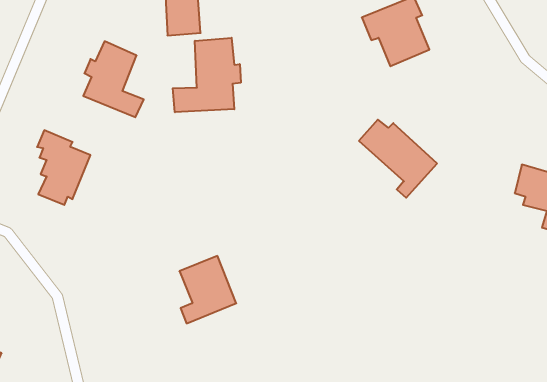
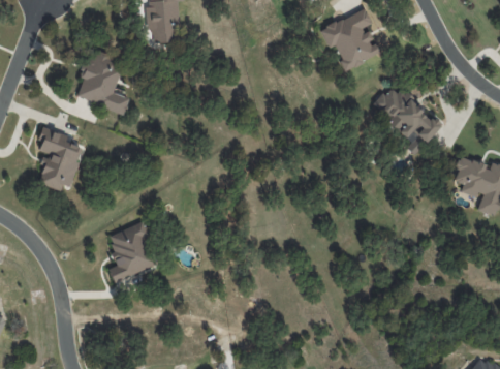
building: [173,38,241,112] -> none
building: [359,120,437,198] -> [373,87,441,155]
building: [179,256,236,323] -> [107,223,157,282]

